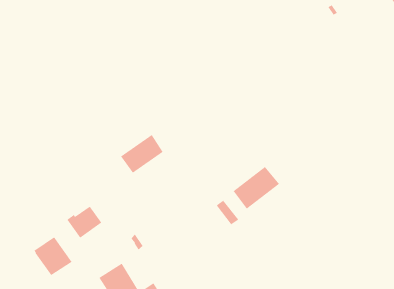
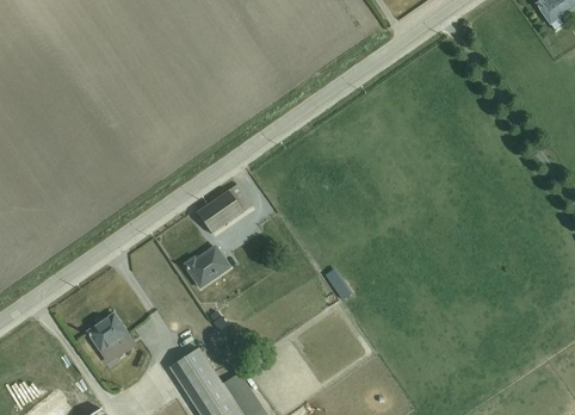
building: [233,166,280,209] -> none
building: [67,206,102,239] -> [184,246,229,287]

